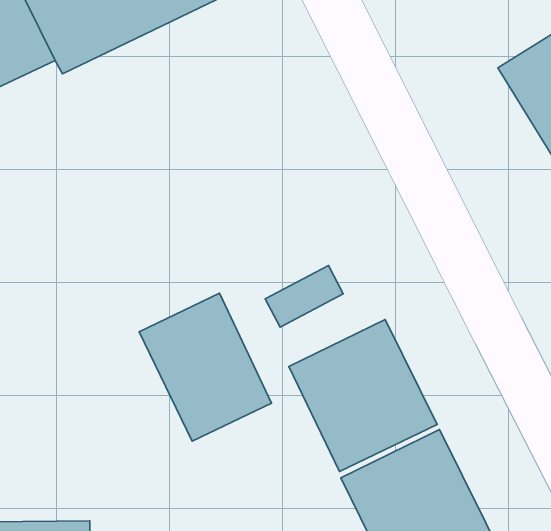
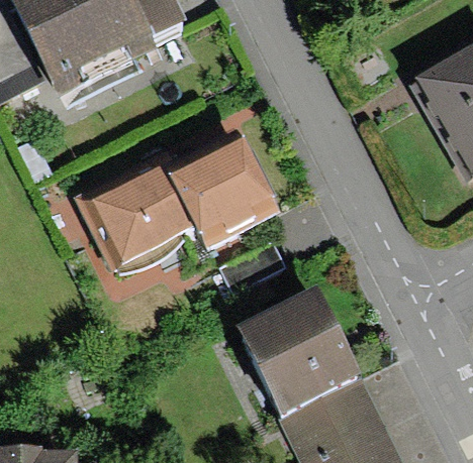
building: none -> [76,136,283,269]
building: [139,293,272,441] -> none

